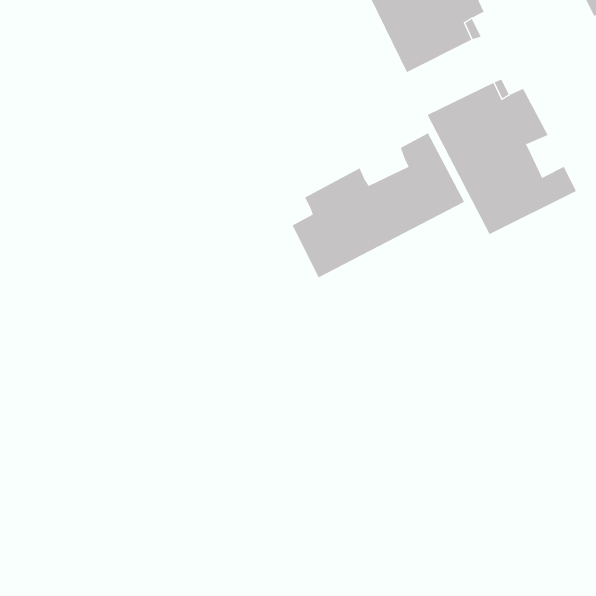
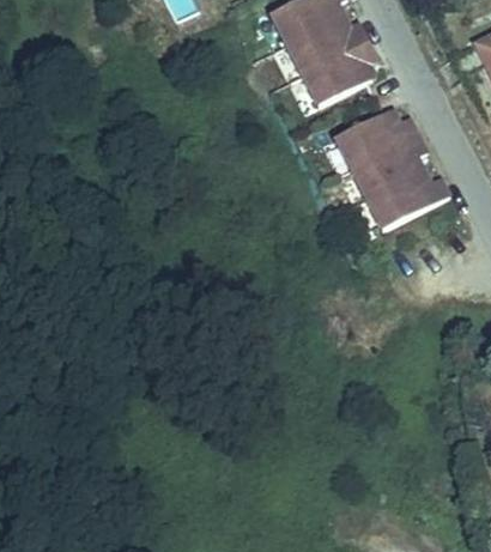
building: [292,133,465,278] -> none

